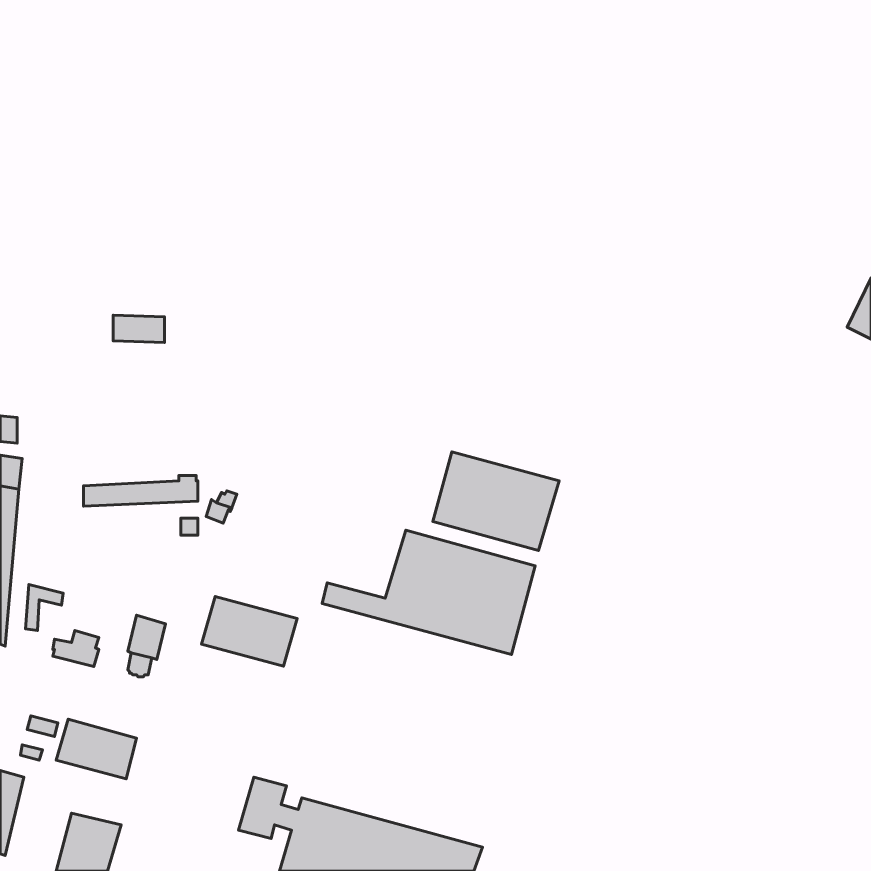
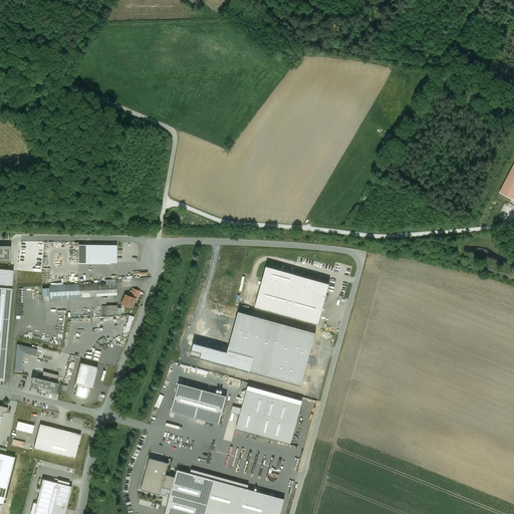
building: [113,315,164,342] -> [79,245,109,261]
building: [202,596,297,666] -> [171,382,227,424]
building: none -> [236,386,302,444]

